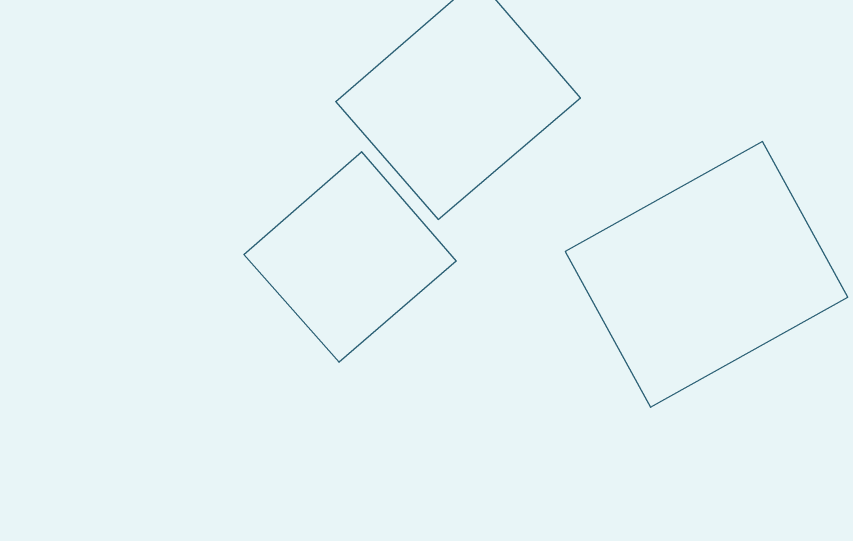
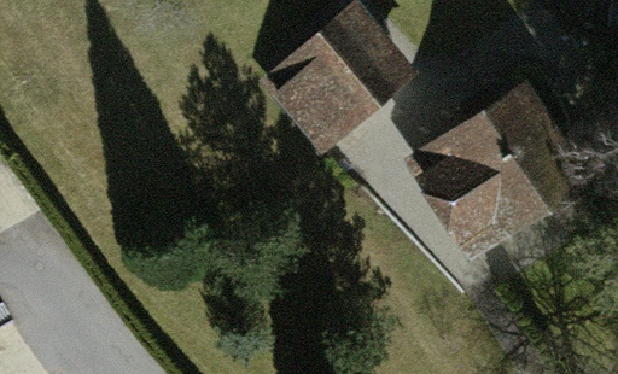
building: [244,152,456,362] -> none

